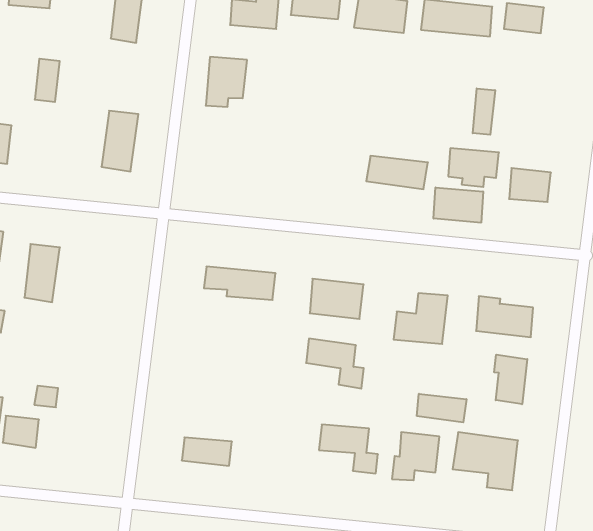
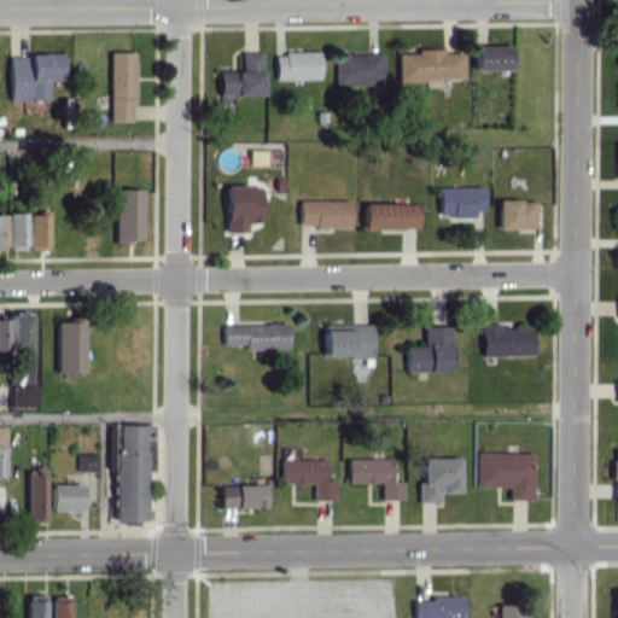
building: [206,57,247,107] -> [229,186,264,233]
building: [35,59,60,102] -> [35,212,54,251]
building: [473,88,495,135] -> none
building: none -> [303,200,355,228]
building: [434,187,483,223] -> none
building: [306,339,364,389] -> [286,460,340,501]
building: [494,355,527,404] -> none
building: none -> [117,425,156,521]
building: [417,394,466,422] -> none

